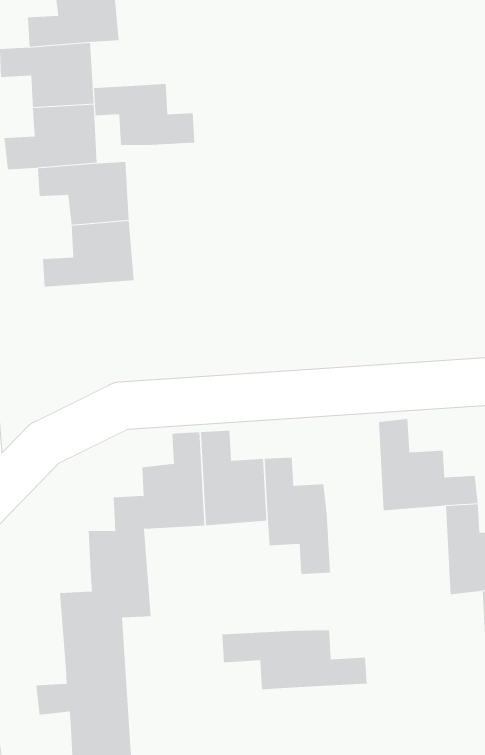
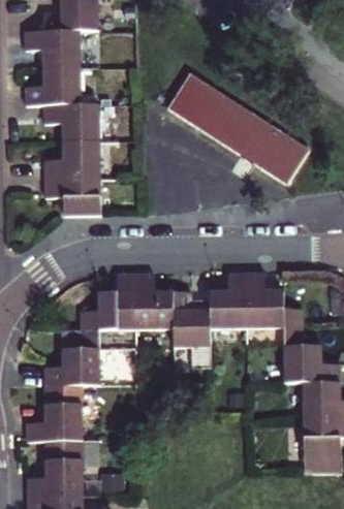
building: [93,83,195,146] -> none
building: none -> [169,73,309,182]
building: none -> [44,178,100,214]
building: none -> [211,273,245,327]
building: [222,630,367,690] -> none

